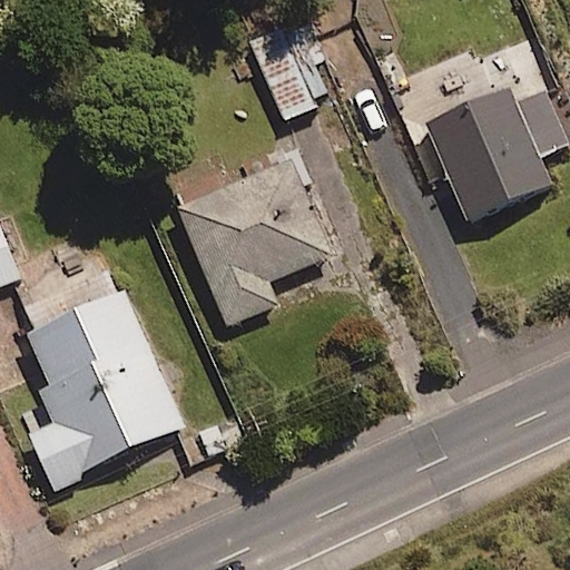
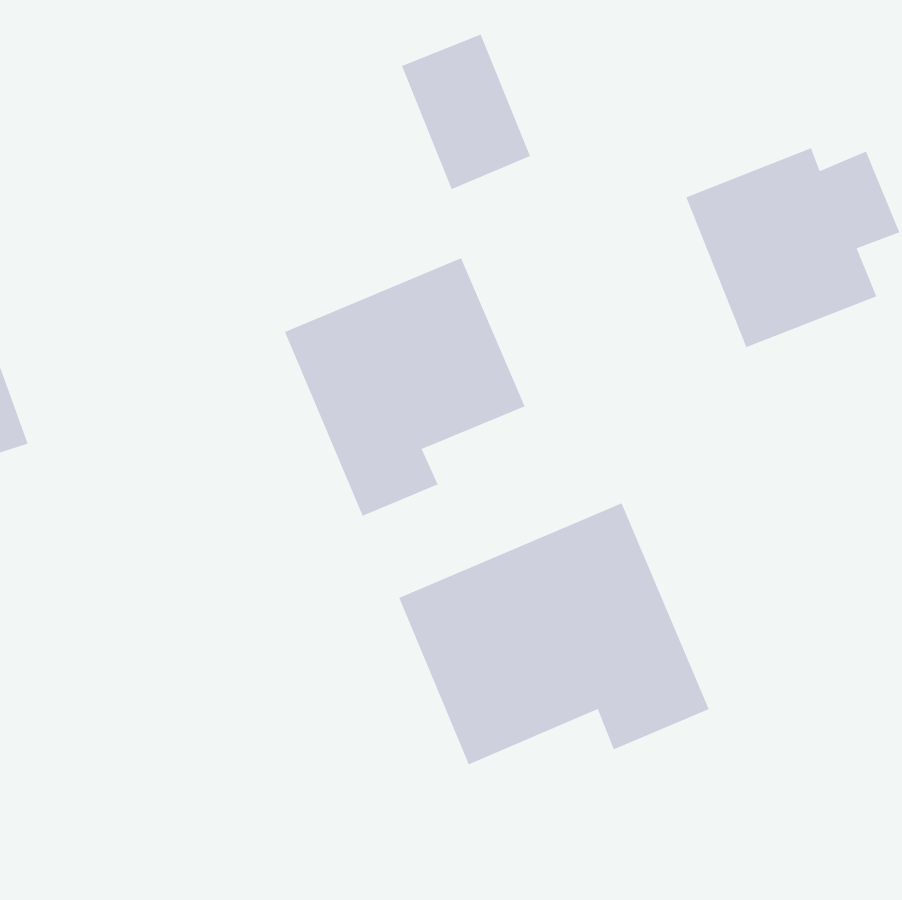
building: [21,289,181,483] -> none
building: none -> [399,502,709,765]

